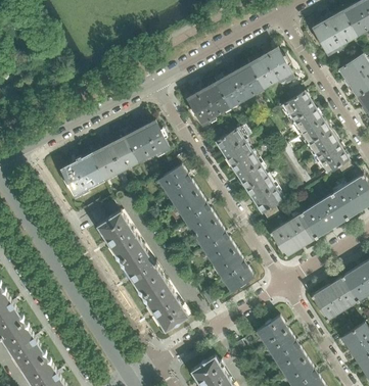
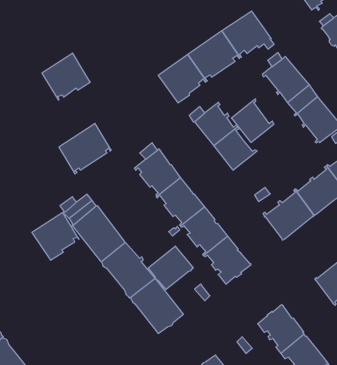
building: [126,120,169,161] -> [42,53,90,100]
building: [61,154,103,196] -> [32,212,79,260]
building: [246,175,284,213] -> [231,99,274,142]
building: none -> [148,246,193,290]

